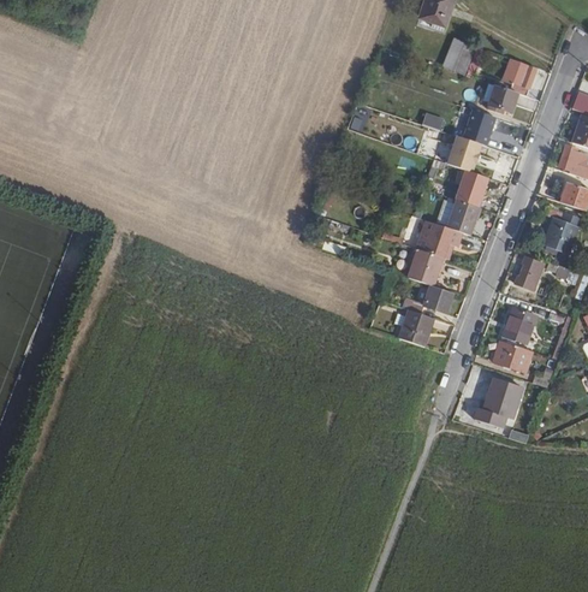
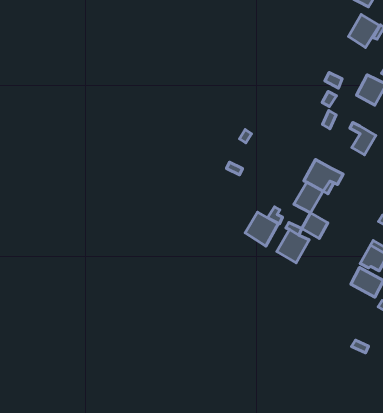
building: [446,134,482,171] -> none
building: [446,199,480,235] -> none
building: none -> [245,212,278,246]
building: [481,379,521,420] -> none

